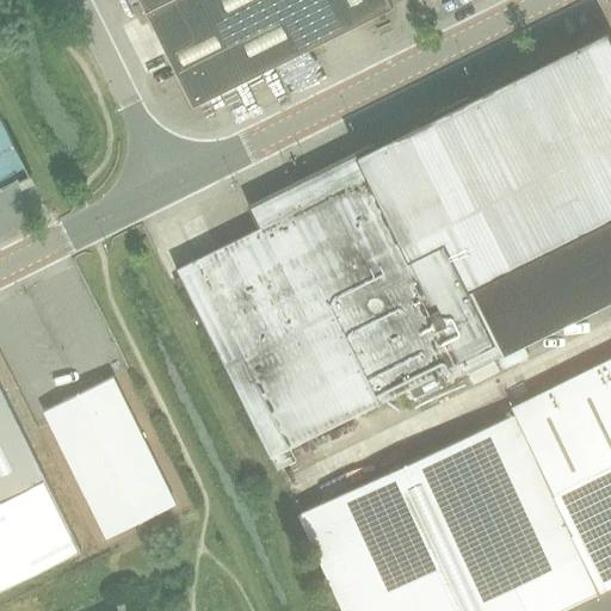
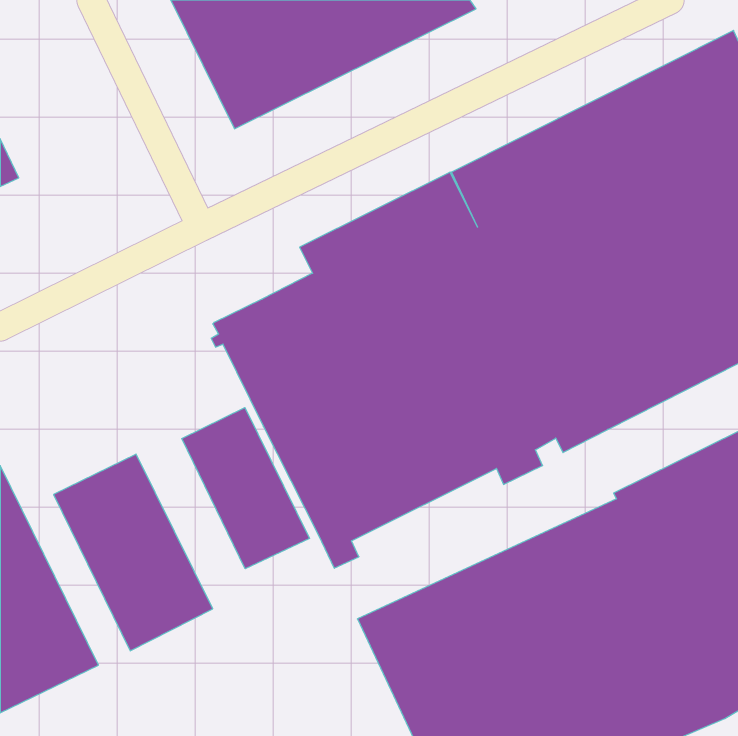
building: none -> [182,408,309,569]

